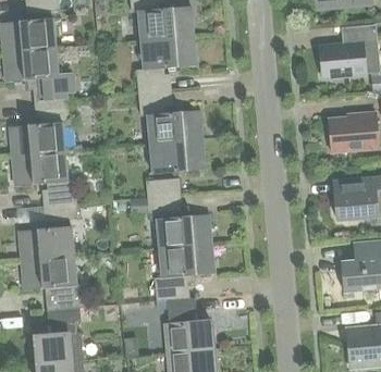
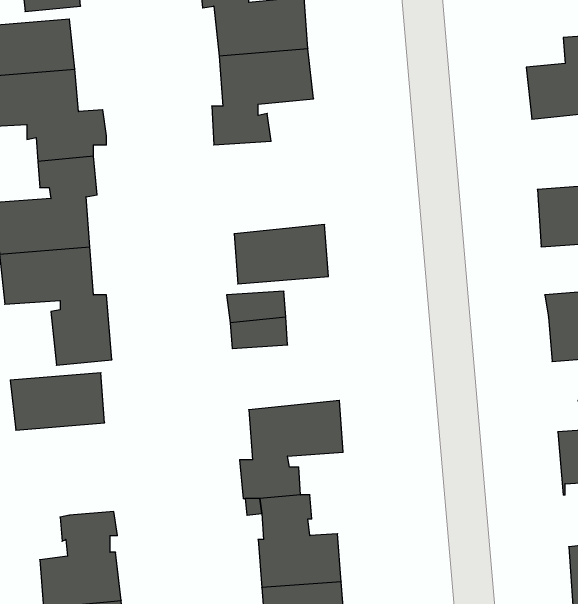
building: [137,89,202,144] -> none
building: [155,212,211,247] -> none
building: [21,255,85,309] -> none

